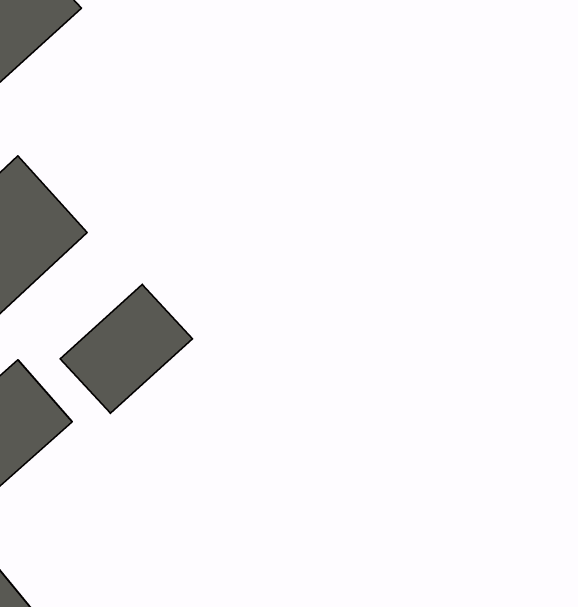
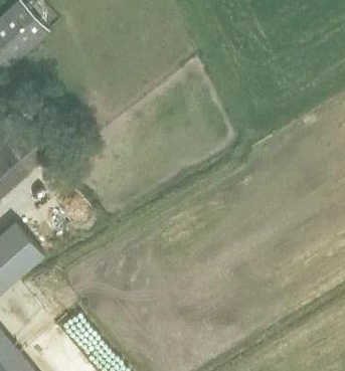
building: [60,284,192,413] -> none

